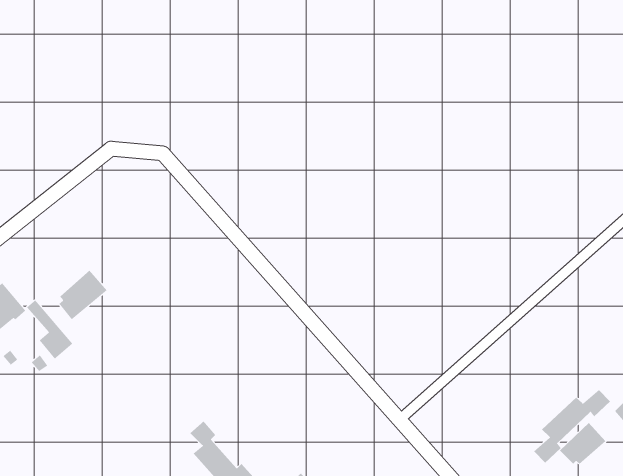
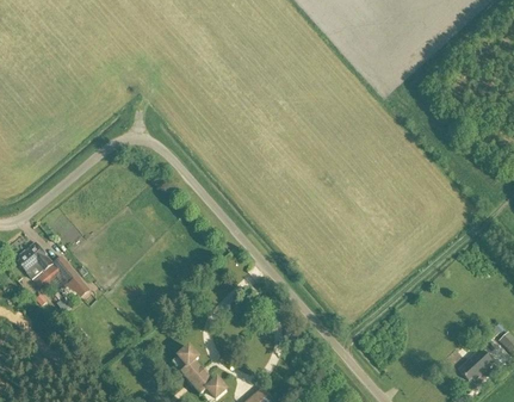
building: [58,270,107,320] -> none
building: [533,389,611,464] -> none

